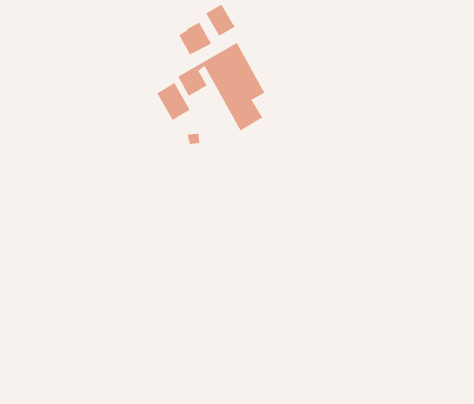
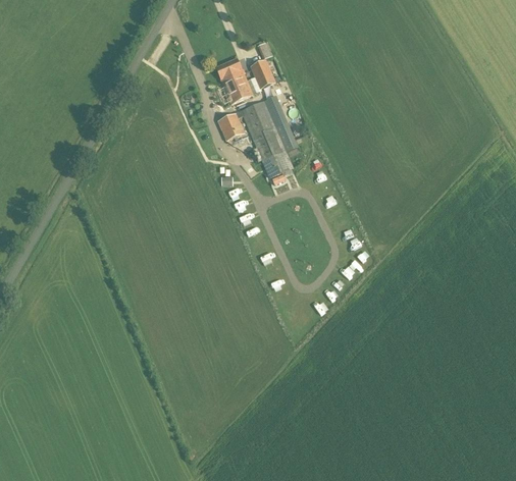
building: none -> [215,58,243,84]
building: [157,82,191,121] -> none

